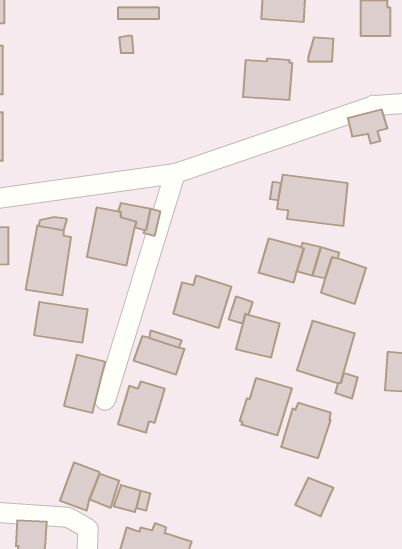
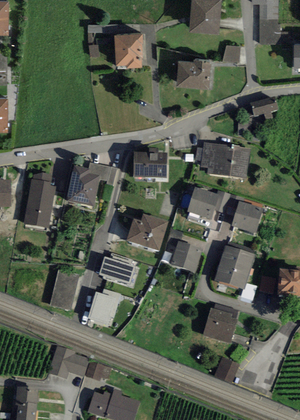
building: none -> [114,33,143,68]
building: none -> [133,151,167,177]
building: [34,302,87,343] -> none
building: [240,378,292,435] -> none

